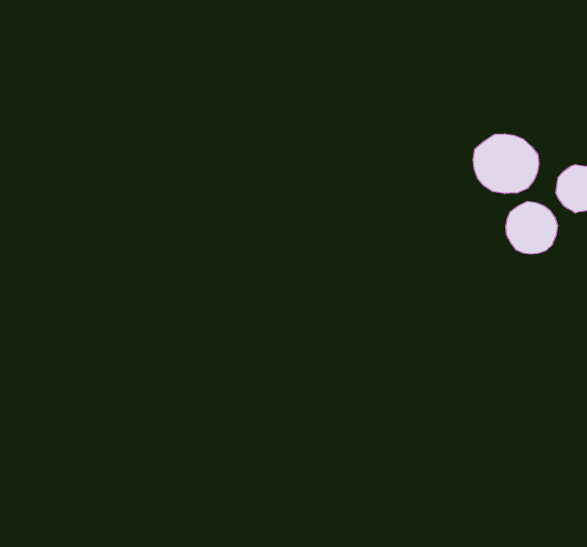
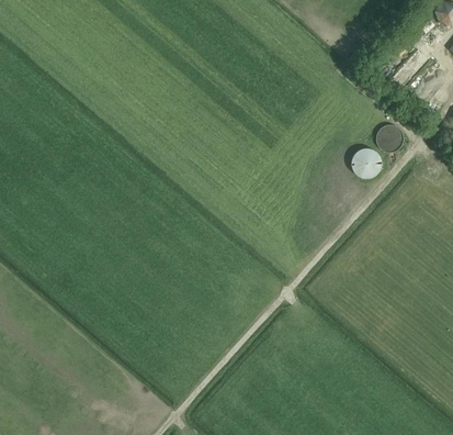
building: [473,134,539,194] -> none

